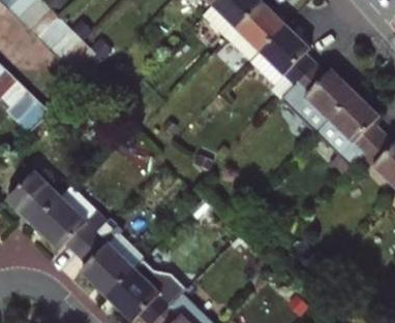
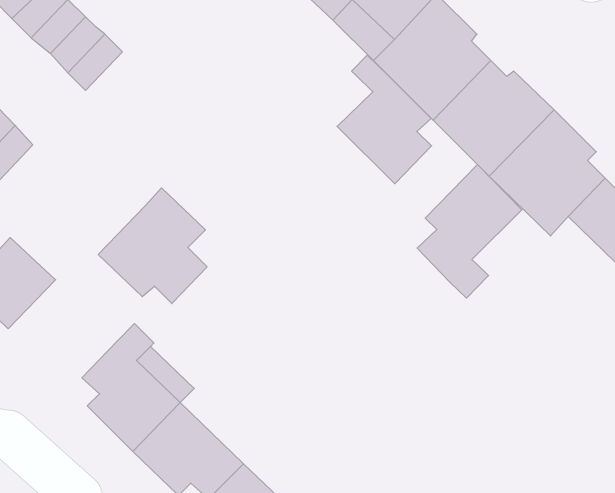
building: none -> [337,55,432,184]
building: none -> [417,165,522,298]
building: [34,182,98,250] -> [98,188,207,304]

